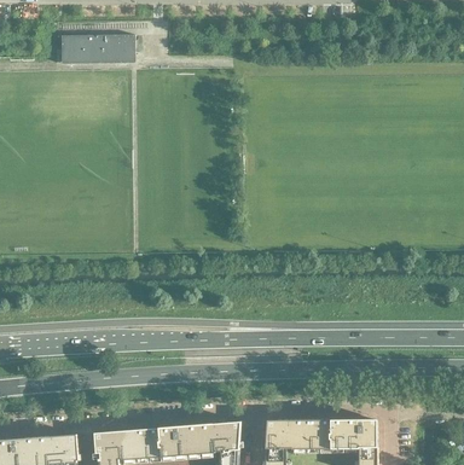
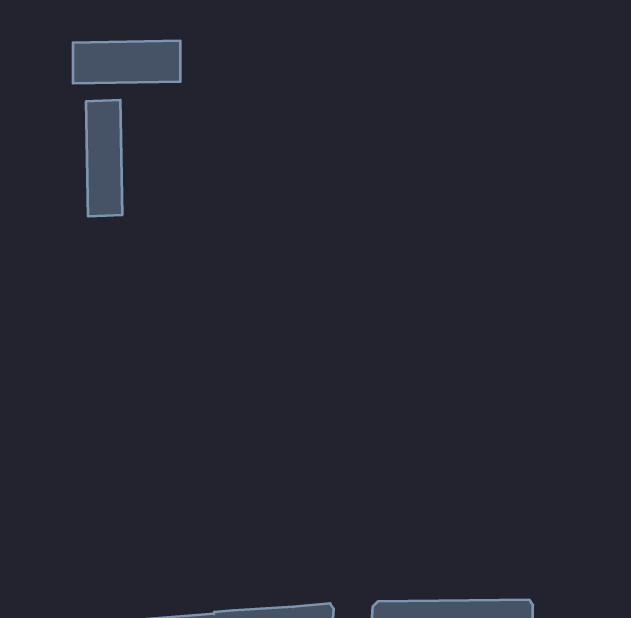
building: none -> [86,100,122,216]

